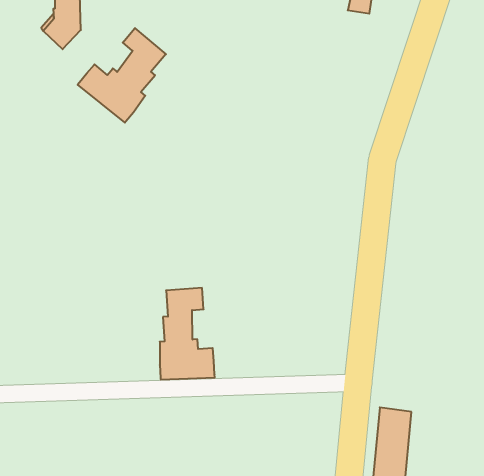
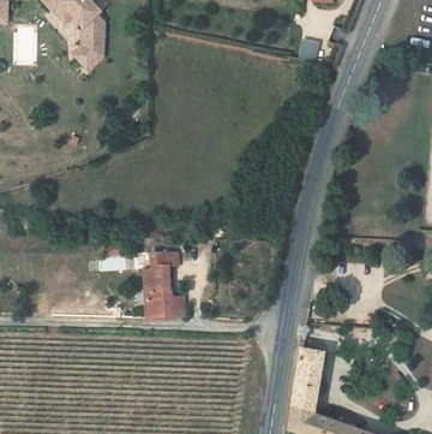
building: [78,28,166,123] -> none

